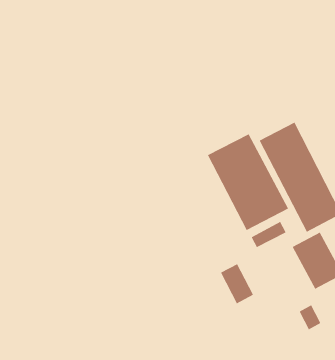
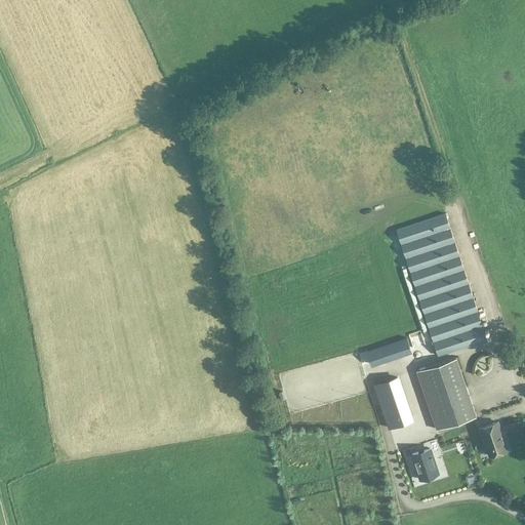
building: [207,134,289,231] -> none
building: [220,263,254,304] -> [376,377,414,429]

